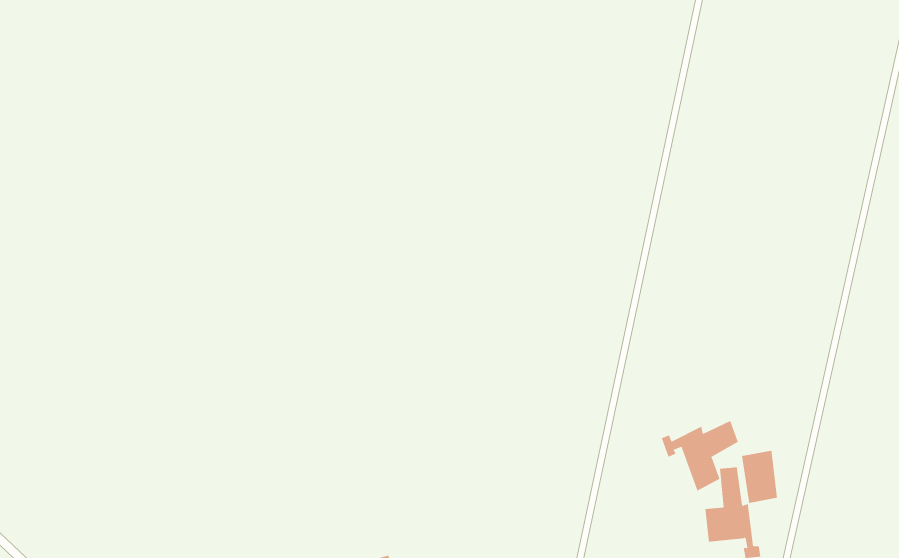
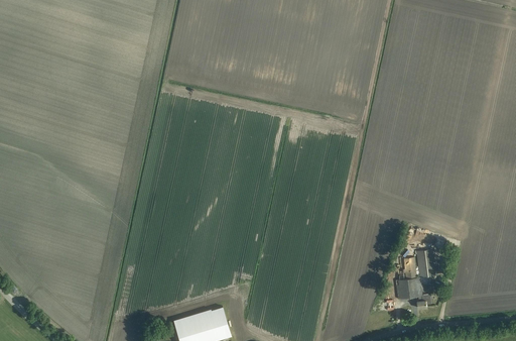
building: [661,420,739,491] -> none

